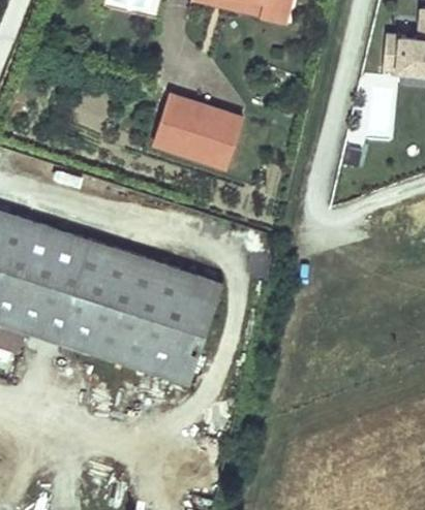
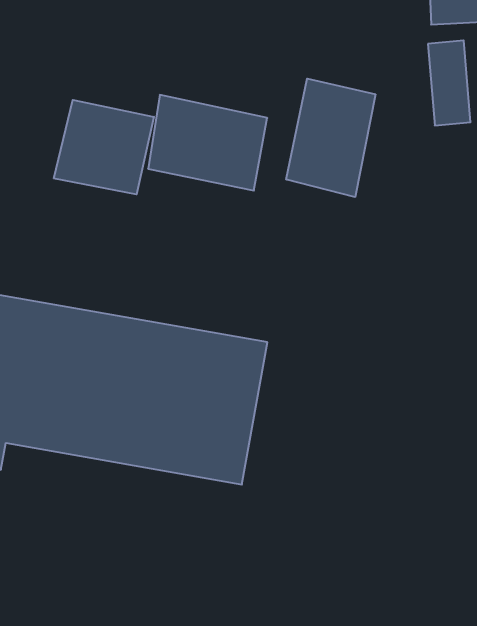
building: none -> [54,100,154,194]
building: none -> [286,79,375,197]

